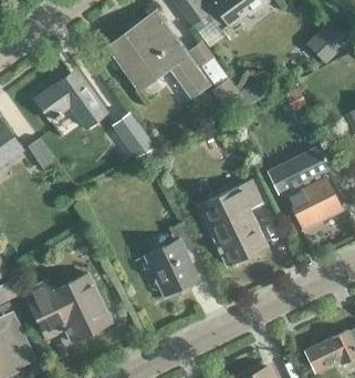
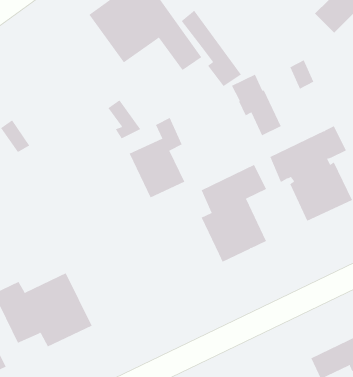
building: [34,73,106,127] -> none
building: none -> [231,74,281,136]
building: [146,224,196,296] -> [129,117,185,198]

